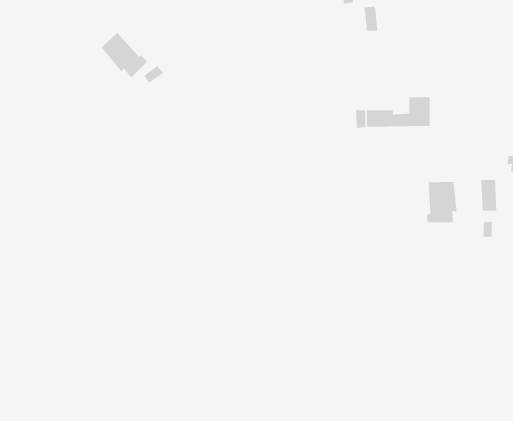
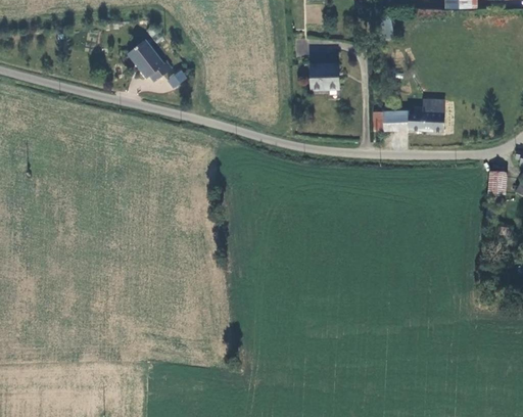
building: none -> [308,63,339,92]
building: [426,181,457,223] -> none

